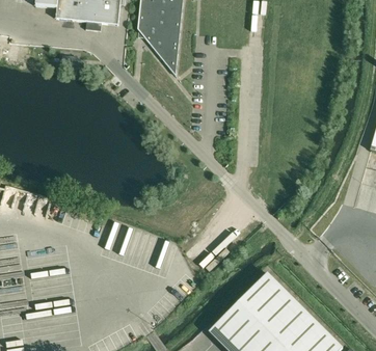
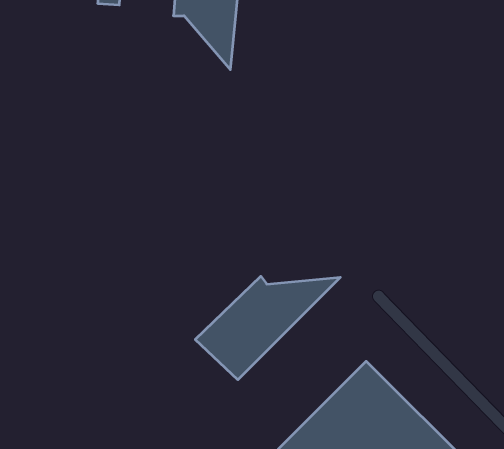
building: none -> [195,276,340,380]

